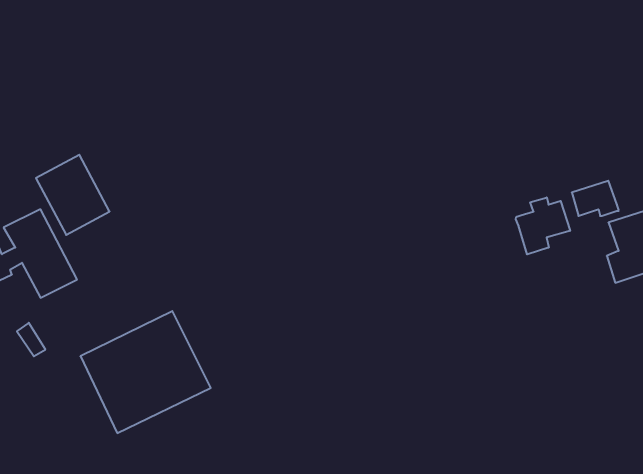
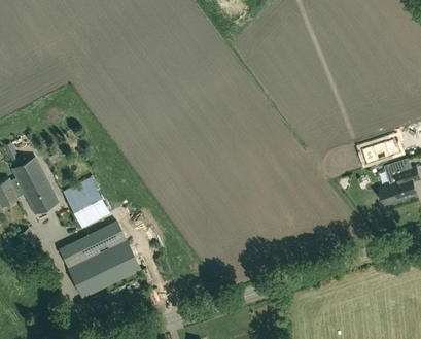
building: [36,155,110,235] -> [64,178,109,228]
building: [516,197,570,254] -> none

